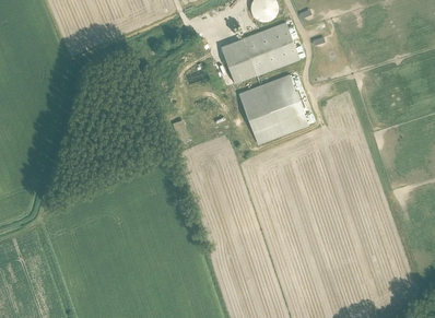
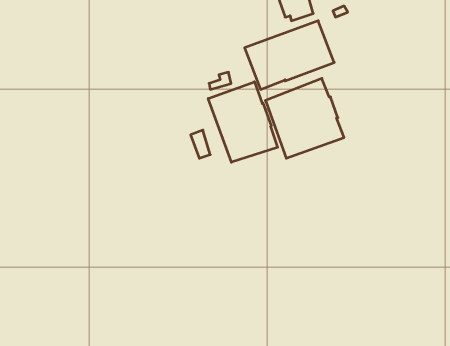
building: none -> [208,82,278,162]

